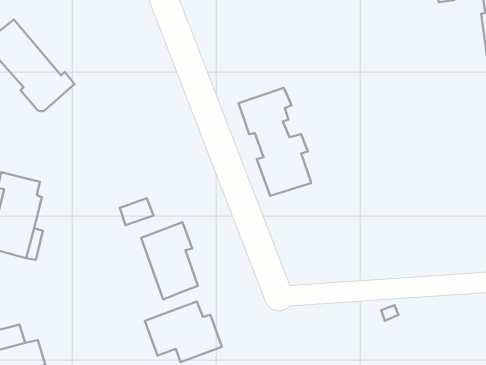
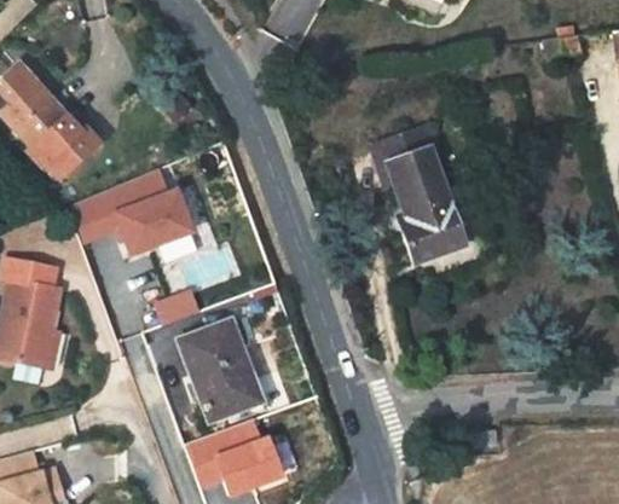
building: [238,88,311,196] -> [377,115,468,250]
building: none -> [71,172,193,255]

